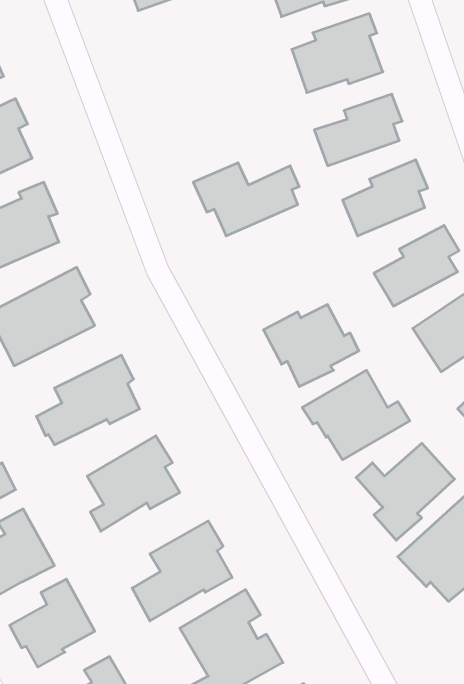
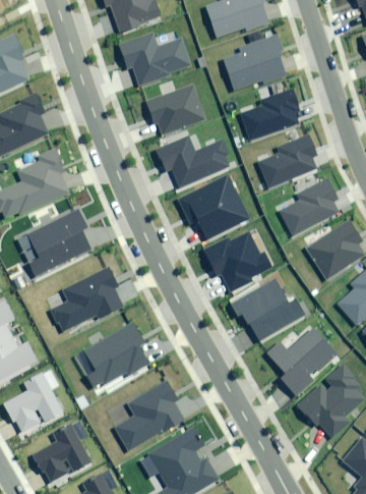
building: none -> [119,33,190,85]
building: none -> [145,84,203,132]
building: none -> [177,175,248,237]

